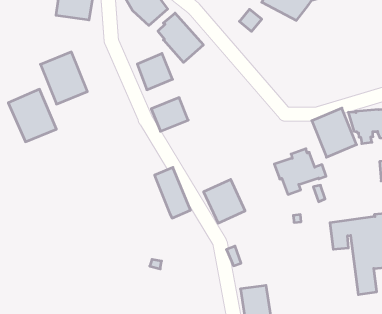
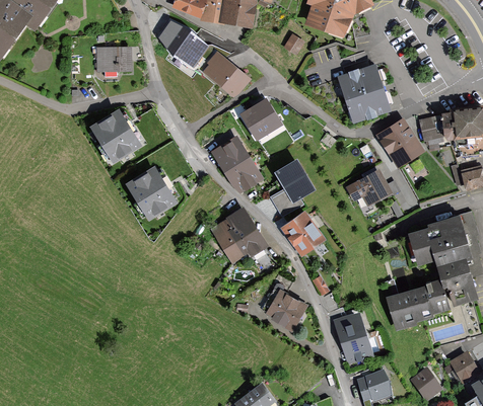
building: [137,53,173,90] -> [243,101,281,141]
building: none -> [343,67,390,119]
building: [8,89,56,142] -> [125,165,179,221]
building: none -> [223,157,263,192]
building: none -> [268,158,314,216]
building: none -> [210,221,248,265]
building: none -> [265,291,307,334]
building: none -> [385,281,450,328]

